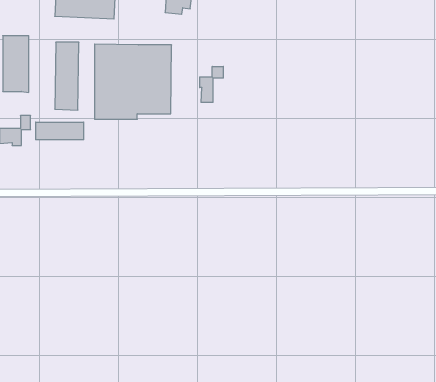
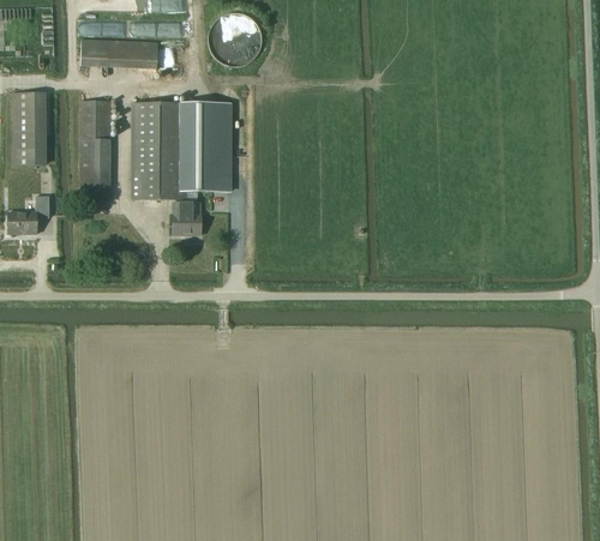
building: [200,66,223,102] -> none
building: none -> [173,199,202,234]
building: [36,122,84,140] -> none

